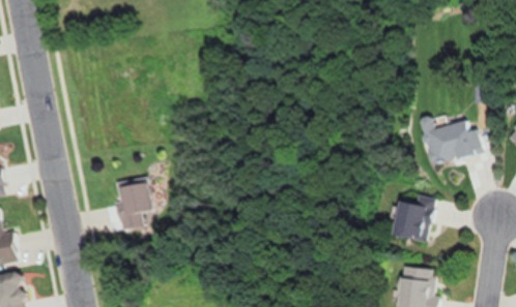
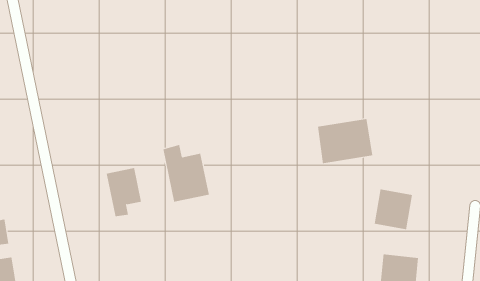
building: [423,116,481,162] -> [317,119,373,164]
building: none -> [163,144,209,203]

